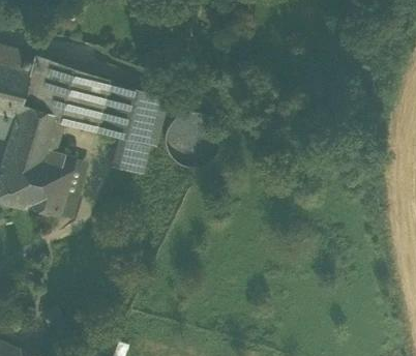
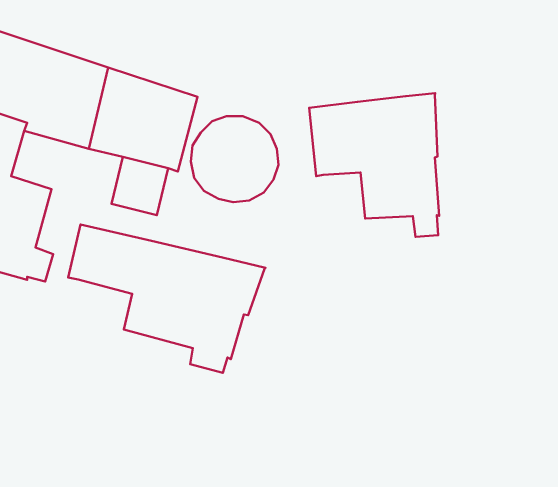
building: none -> [309,93,439,237]
building: none -> [68,225,265,373]

